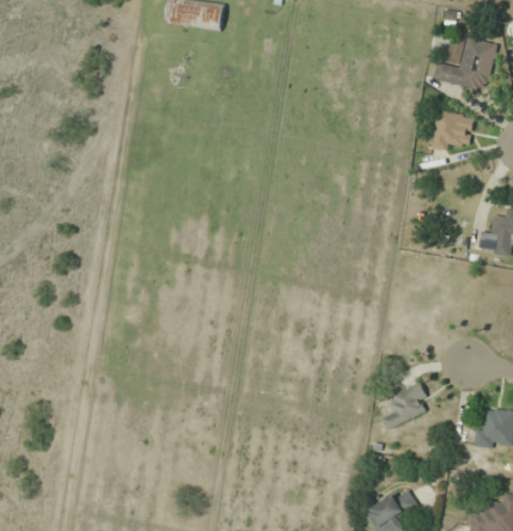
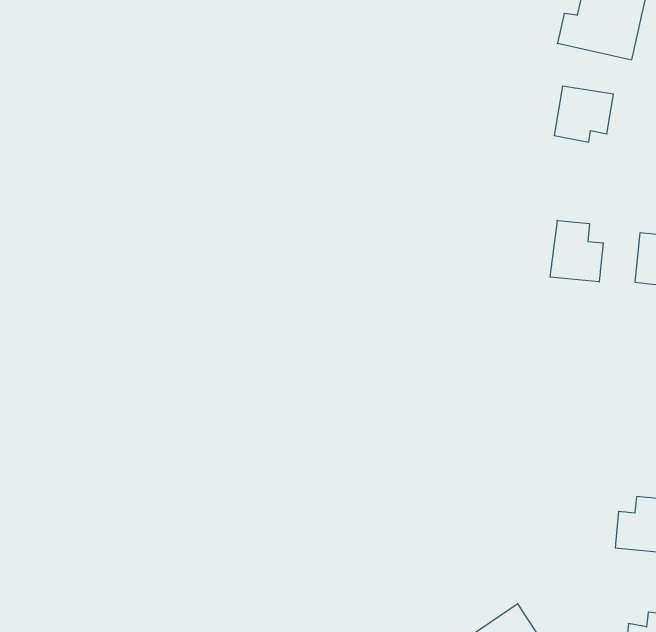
building: none -> [550,220,603,282]
building: [381,382,427,428] -> none

